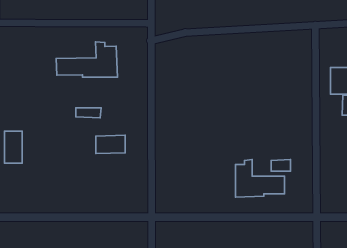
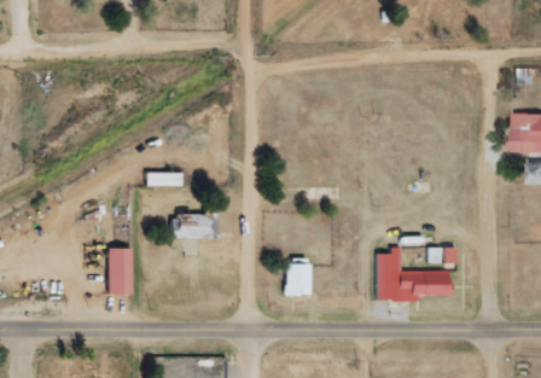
building: [56,42,117,77] -> none
building: [5,131,22,163] -> [107,248,133,293]
building: none -> [284,263,309,295]

